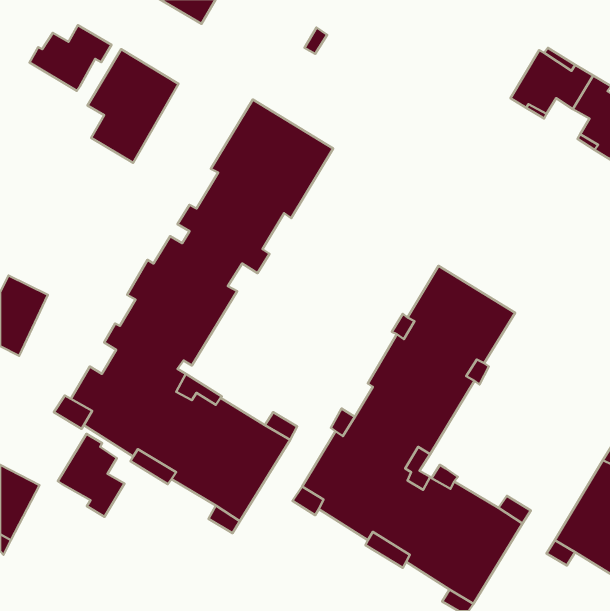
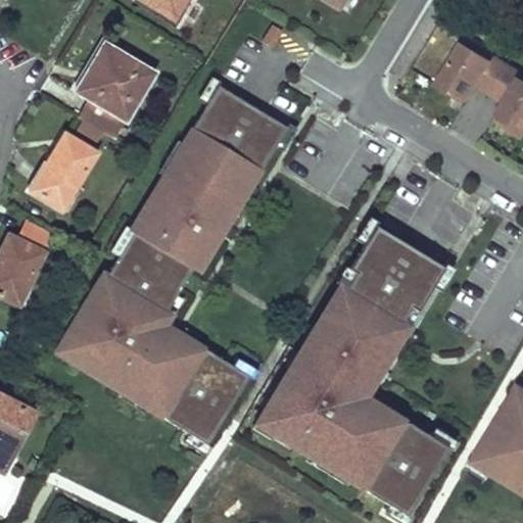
building: [29,25,111,91] -> none
building: none -> [32,134,96,208]
building: [58,434,125,517] -> none

